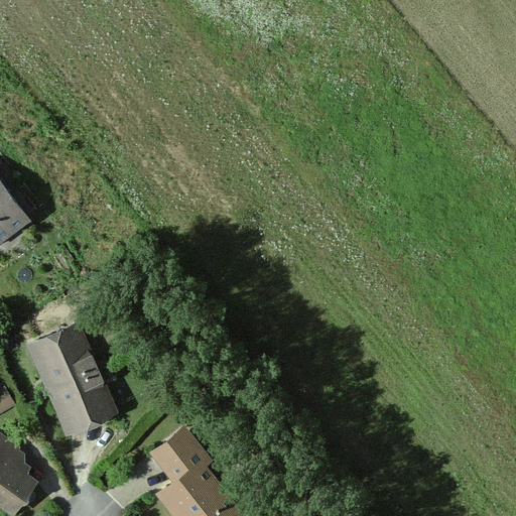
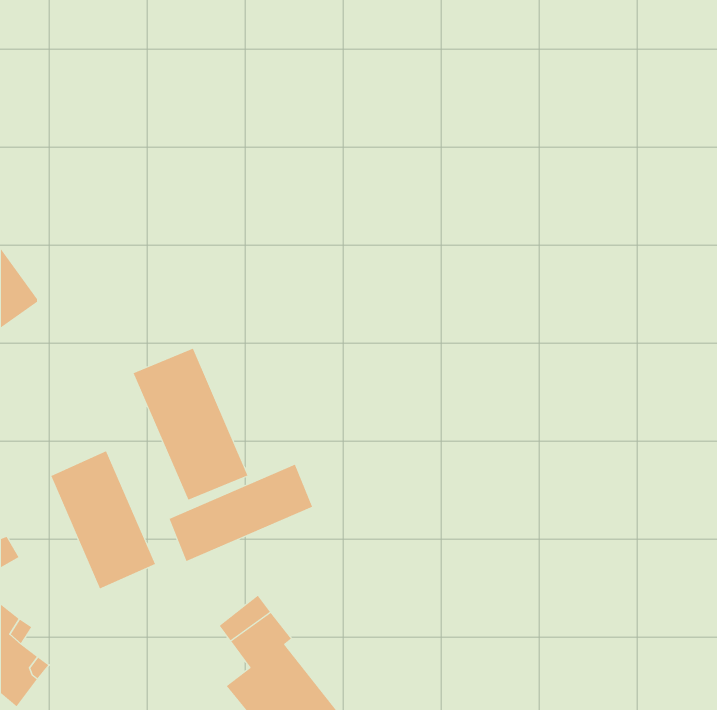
building: none -> [133,348,248,501]
building: none -> [169,464,313,562]

